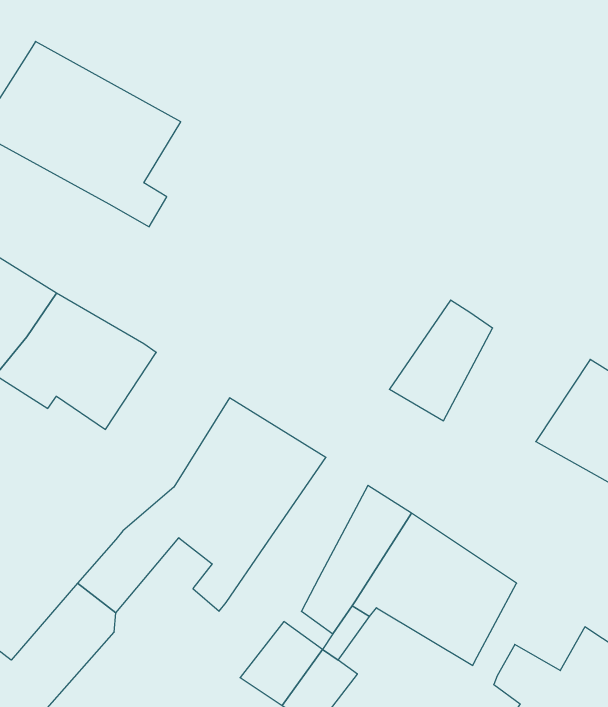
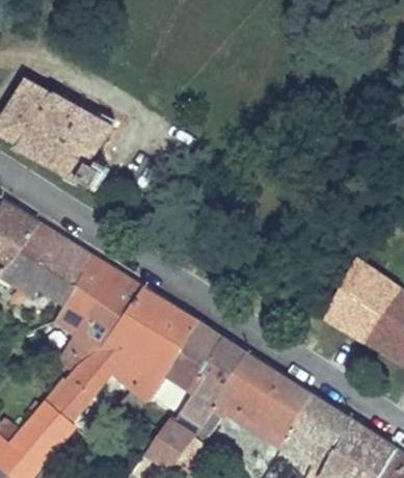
building: [389,300,493,421] -> [161,322,222,394]
building: none -> [56,260,140,371]
building: none -> [286,397,351,452]

